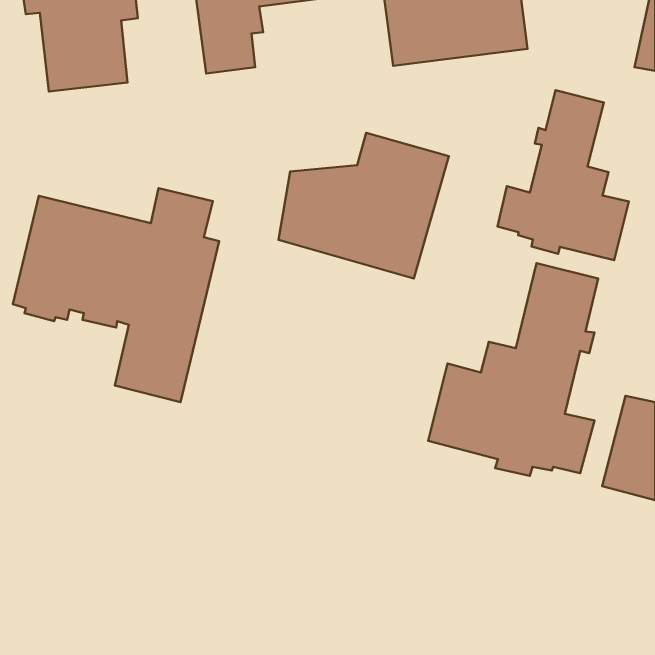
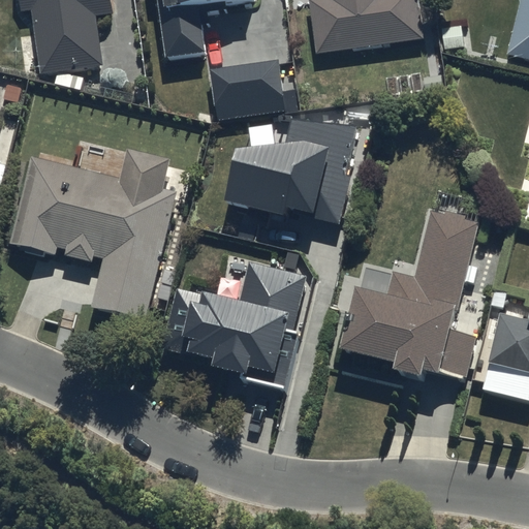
building: none -> [210,62,283,121]
building: [498,90,629,260] -> none
building: none -> [158,257,309,376]

